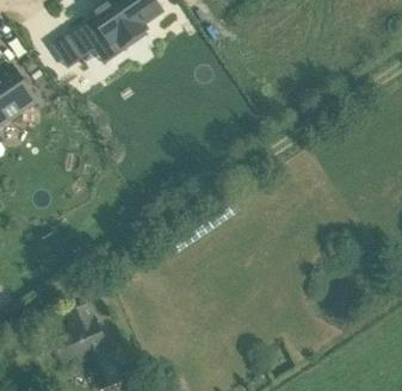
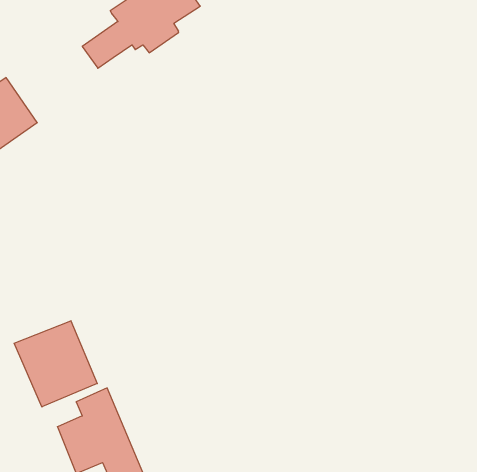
building: none -> [14,321,97,407]

